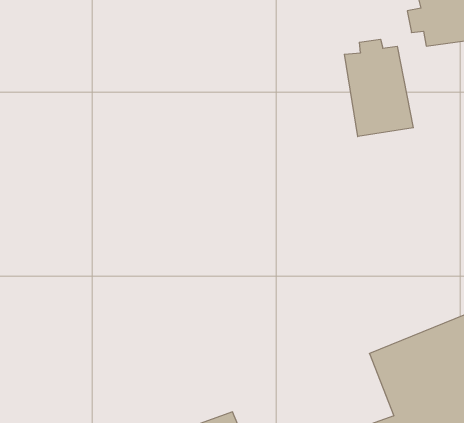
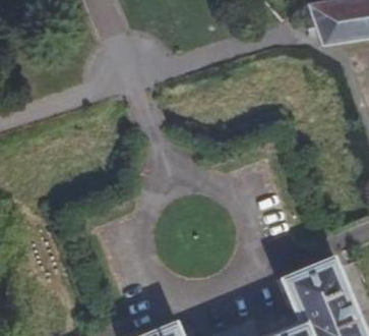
building: [344,39,413,137] -> none

